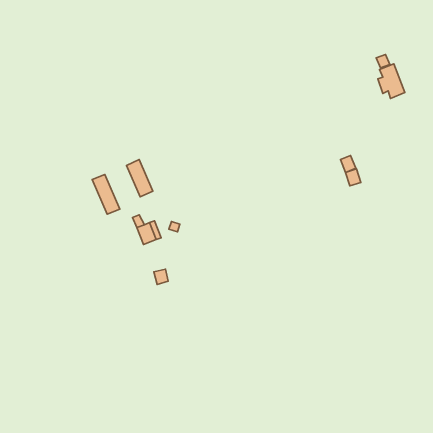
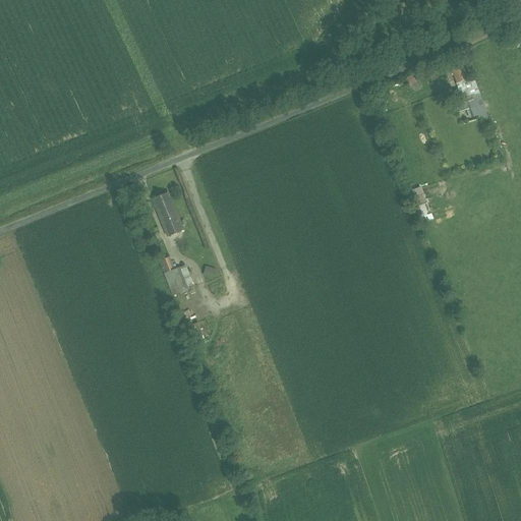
building: [92,174,120,214] -> none

